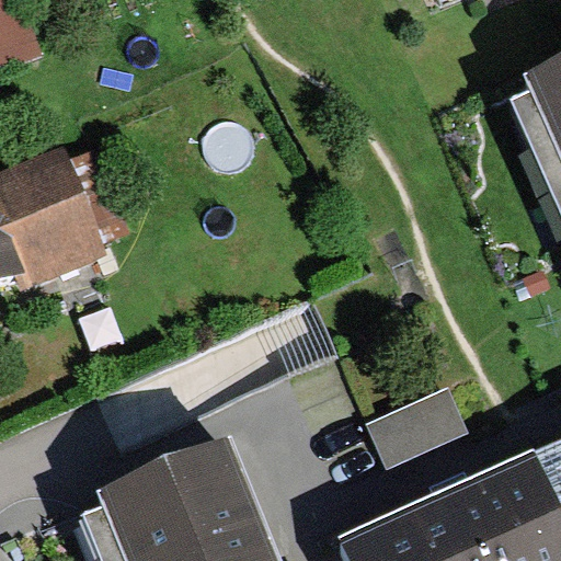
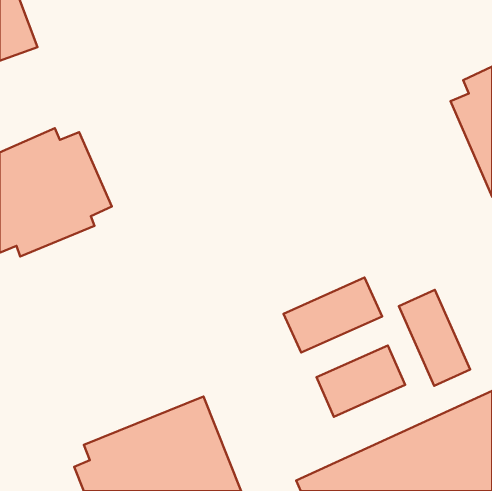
building: none -> [284,278,382,352]
building: none -> [399,290,470,386]

